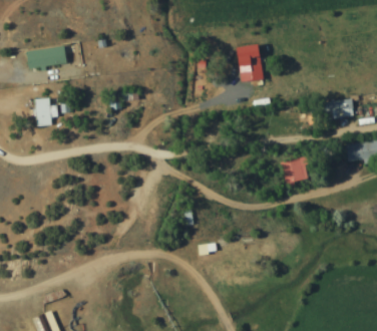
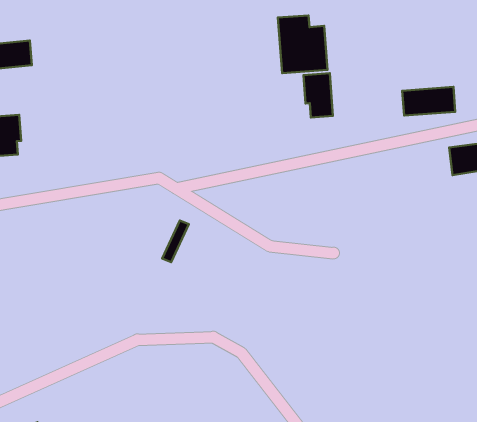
building: none -> [303,73,333,118]
building: [282,155,310,185] -> none

